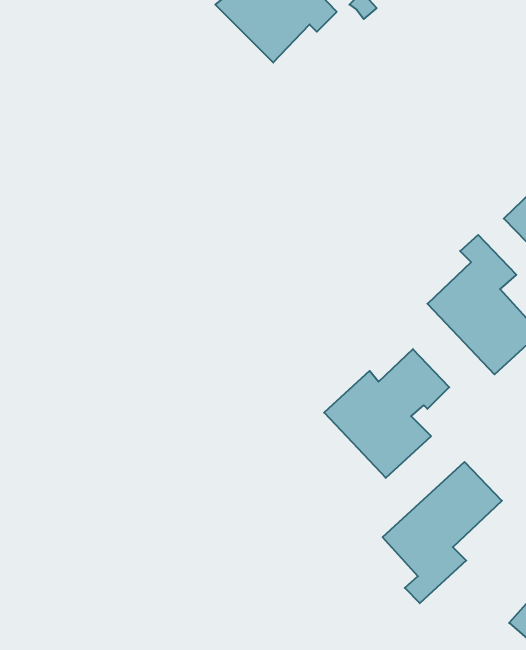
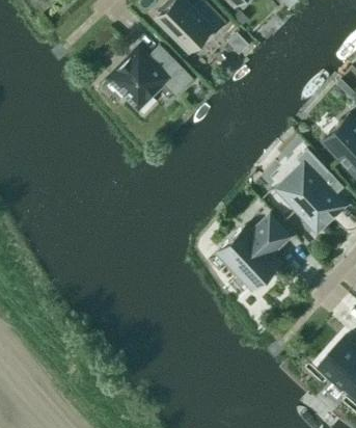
building: none -> [109,45,194,110]
building: [383,462,502,603] -> none

